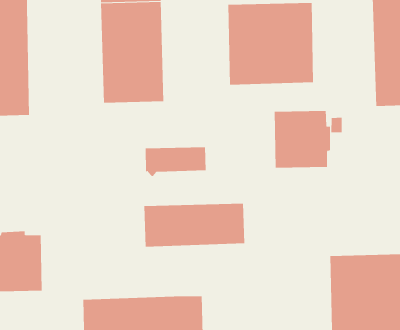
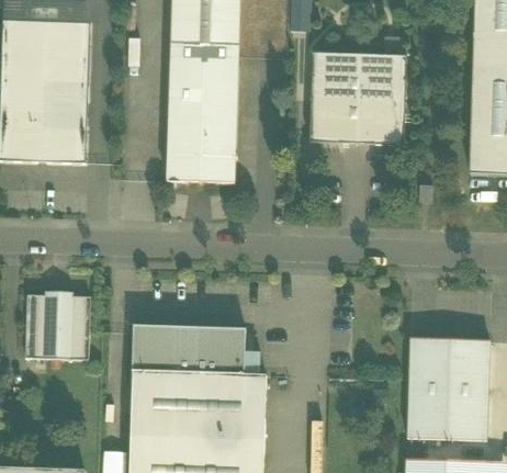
building: [274,110,331,169] -> none
building: [145,147,206,176] -> [167,154,236,185]
building: [143,203,245,247] -> [133,325,246,373]

